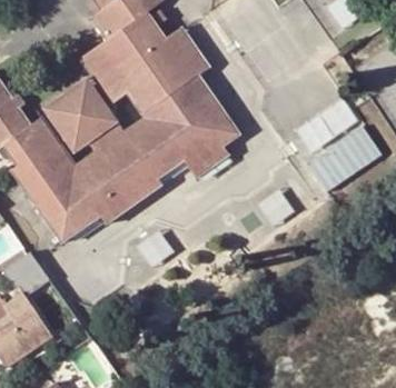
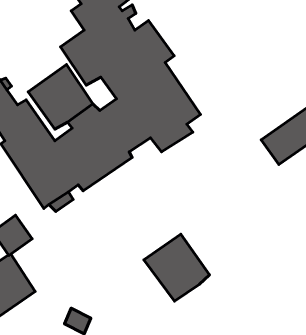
building: none -> [144,234,209,301]

